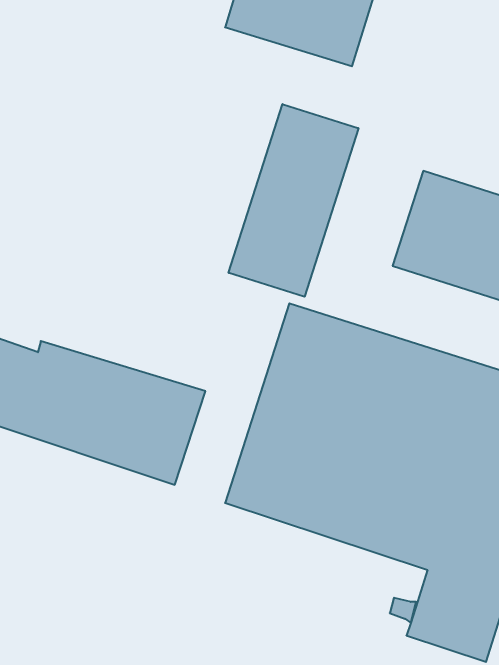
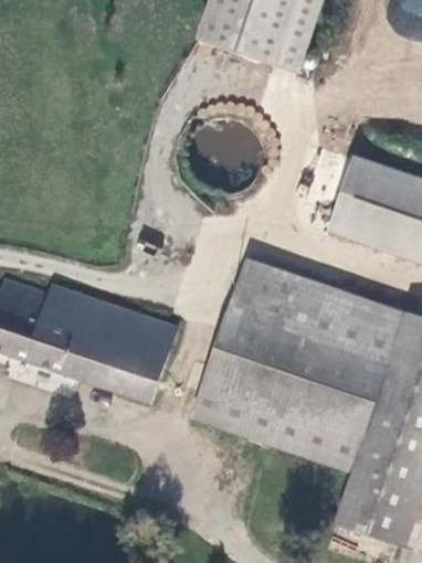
building: [229,104,358,297] -> none

